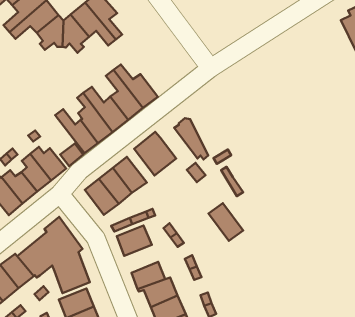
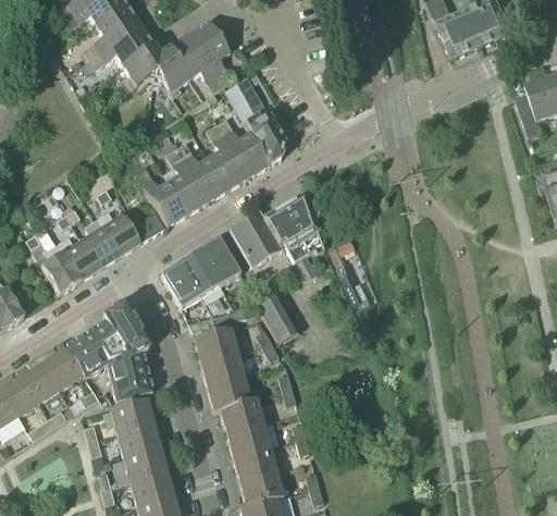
building: none -> [224,77,285,165]
building: none -> [265,208,310,259]
building: [209,203,243,241] -> [258,294,299,343]
building: none -> [201,354,244,386]

